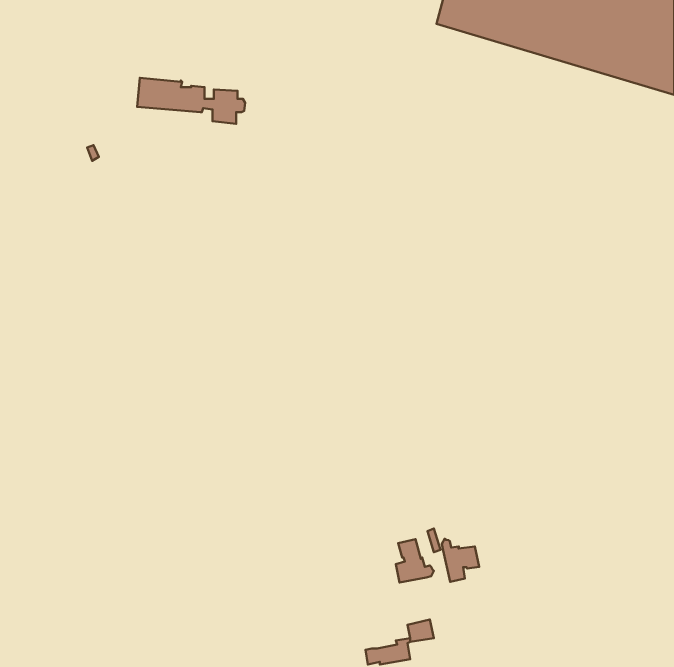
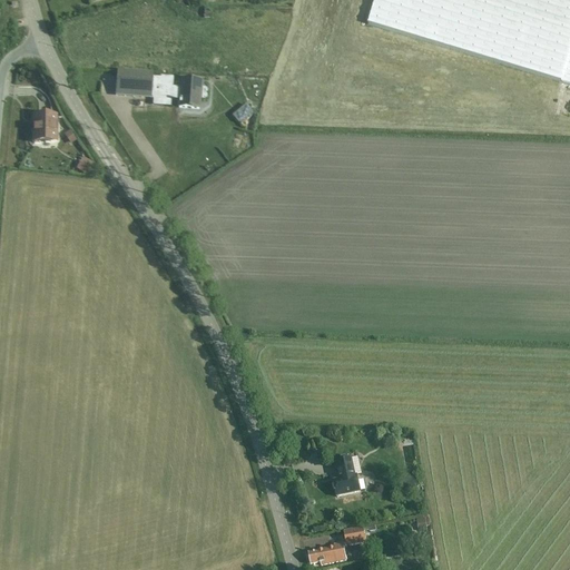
building: none -> [35,112,55,137]
building: [442,539,479,582] -> none

